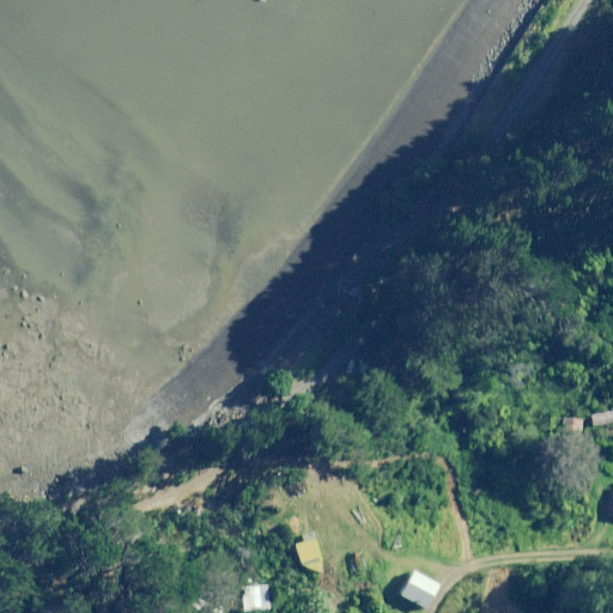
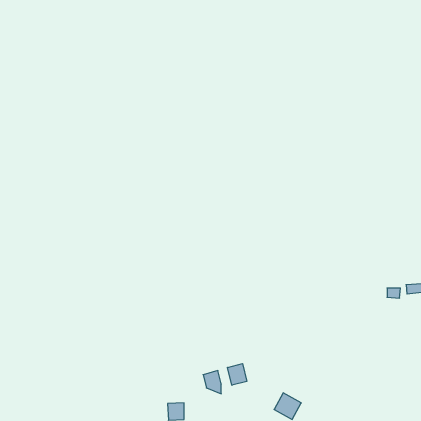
building: none -> [227,364,247,385]

